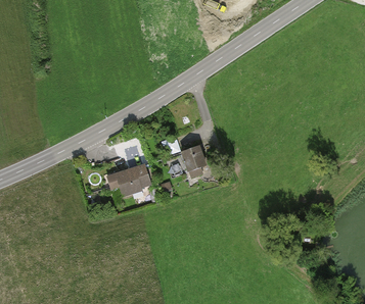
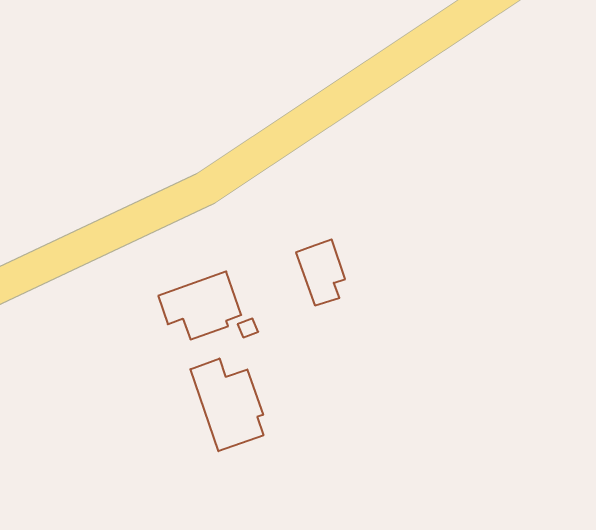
building: none -> [190,358,263,451]

